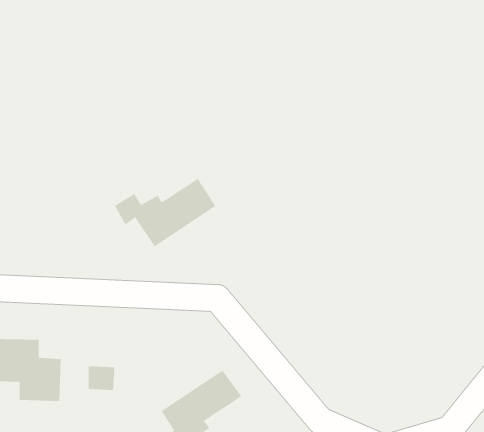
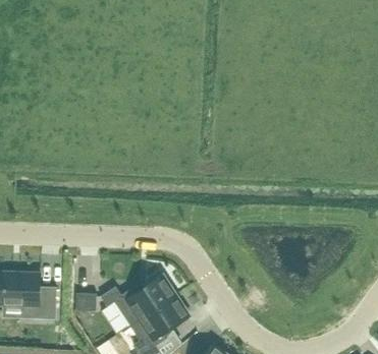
building: [114,178,216,247] -> [101,276,176,327]

